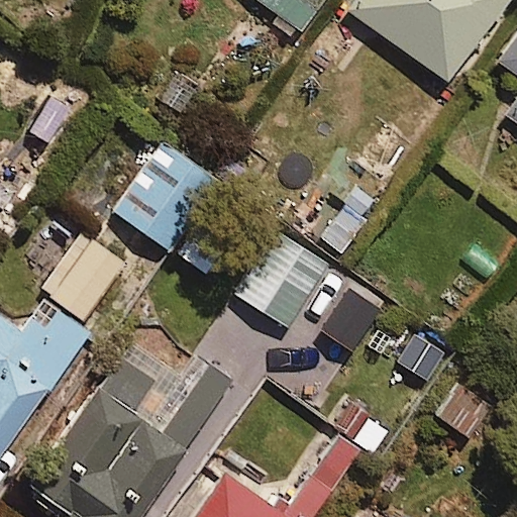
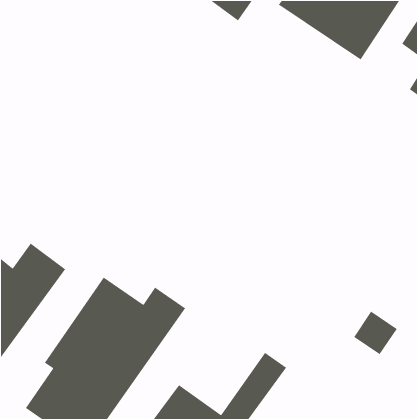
building: [117,143,217,248] -> none
building: [237,232,328,327] -> none
building: [46,236,123,319] -> none

